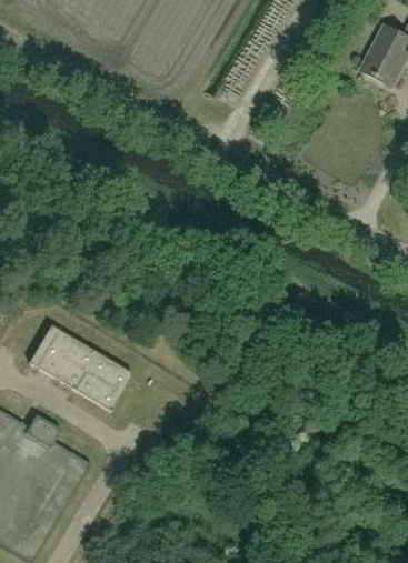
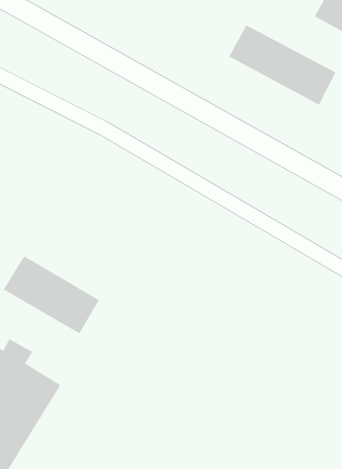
building: none -> [228,25,336,106]

